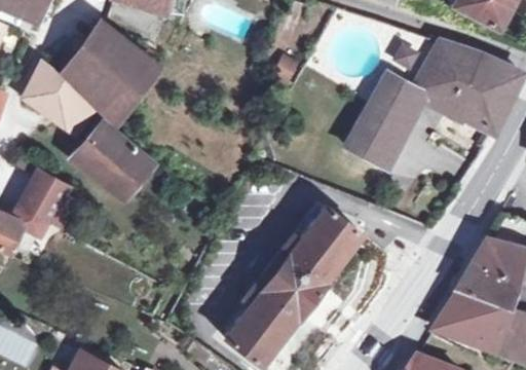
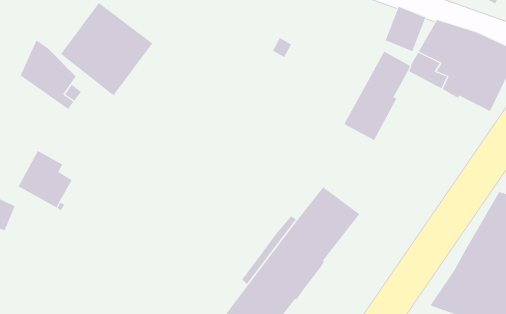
building: [75,122,151,196] -> none

